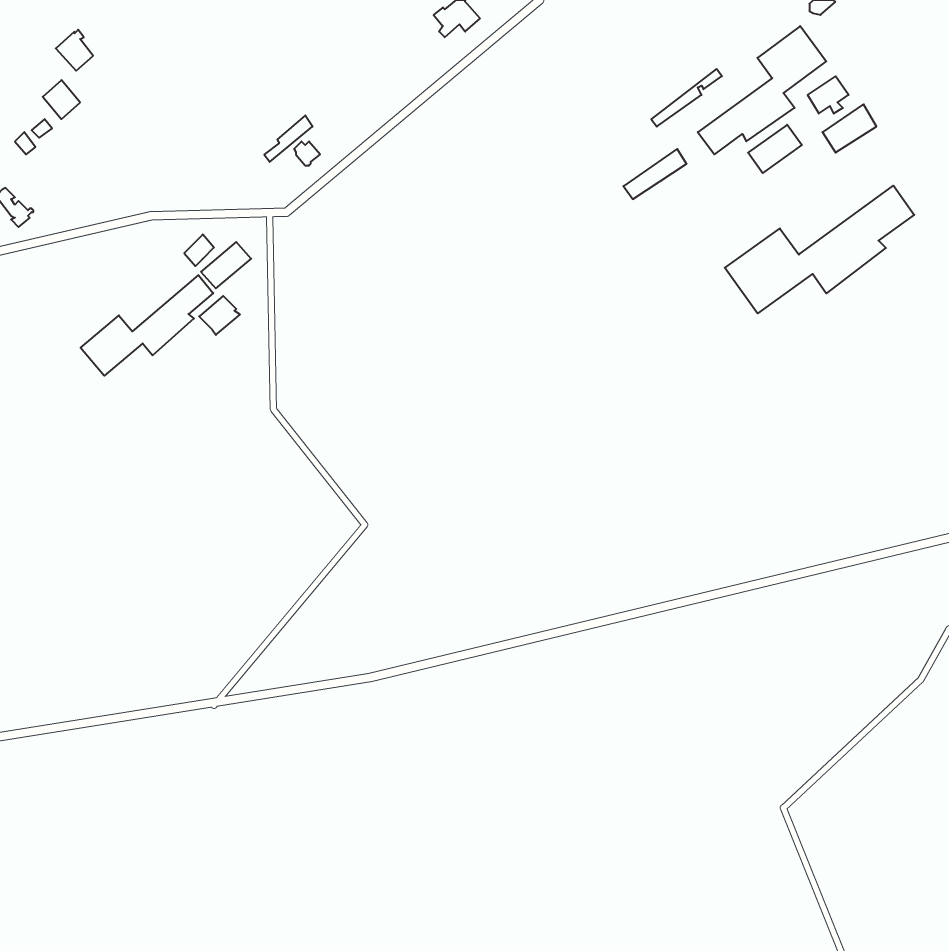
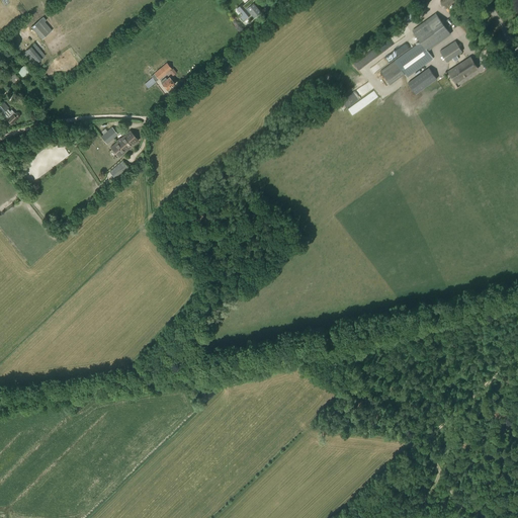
building: [725,186,914,313] -> none
building: [81,275,213,376] -> none

